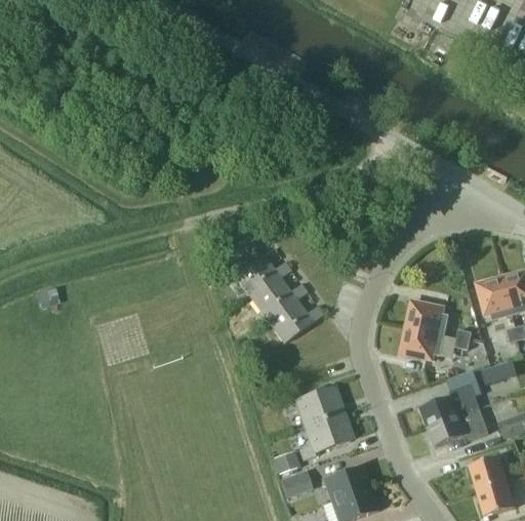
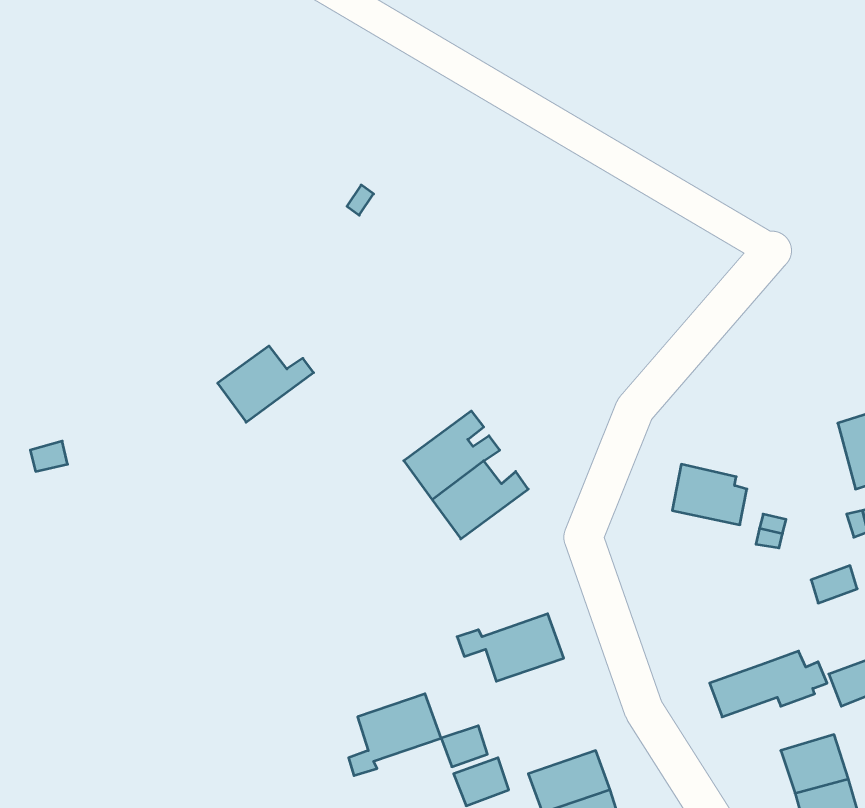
building: [235,253,290,297] -> [218,346,314,422]
building: [476,276,512,320] -> none
building: [400,326,445,358] -> none
building: [420,383,479,426] -> none
building: [299,411,353,458] -> [349,694,441,776]

